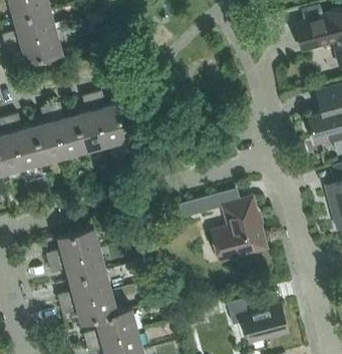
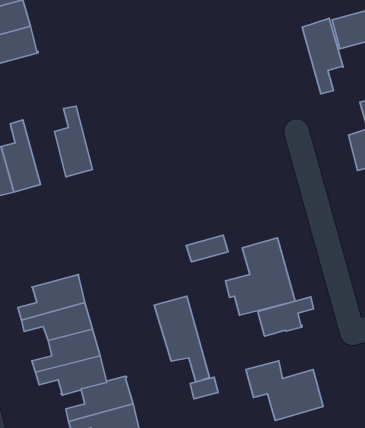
building: none -> [302,18,343,94]
building: [92,91,127,144] -> none
building: [50,102,84,156] -> none
building: none -> [154,296,209,382]
building: none -> [258,297,314,336]

